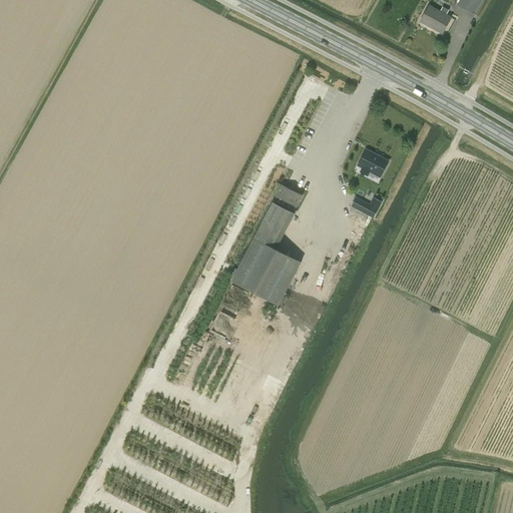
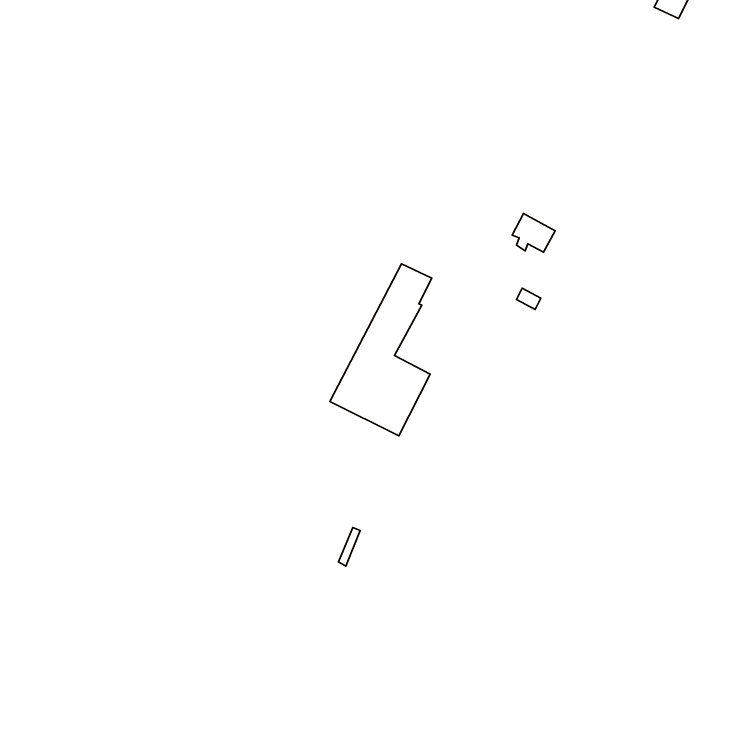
building: [420,5,451,33] -> none

